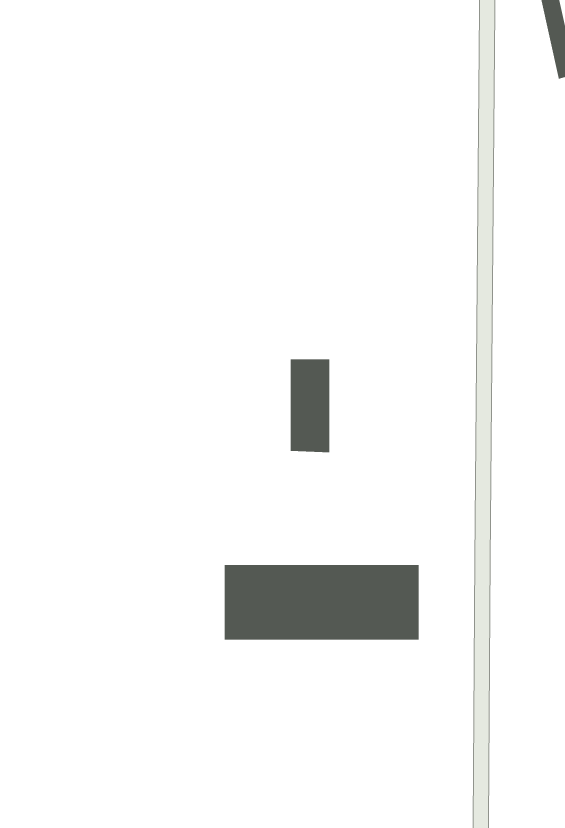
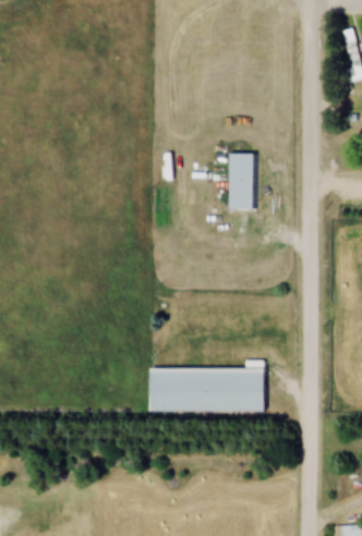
building: [290,359,330,453] -> [232,154,256,209]

